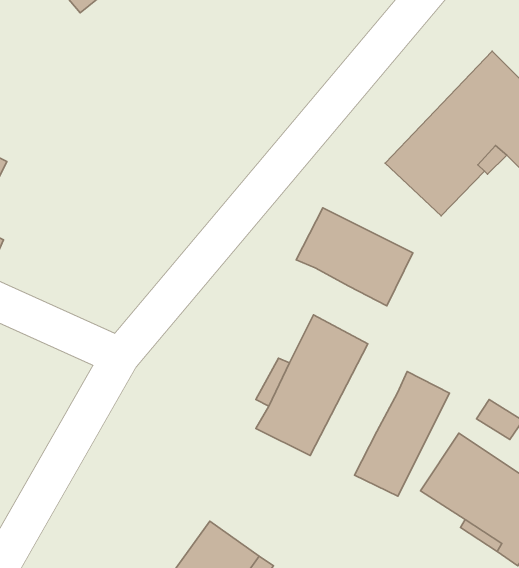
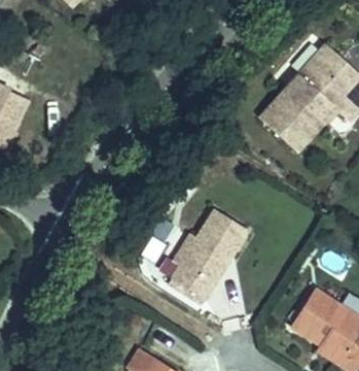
building: [296,208,413,306] -> none
building: [355,371,449,496] -> none

